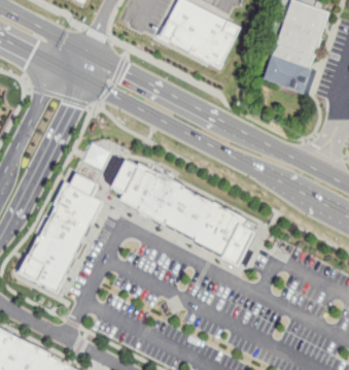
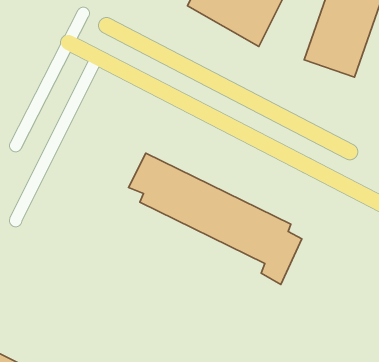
building: [18,172,103,293] -> none

